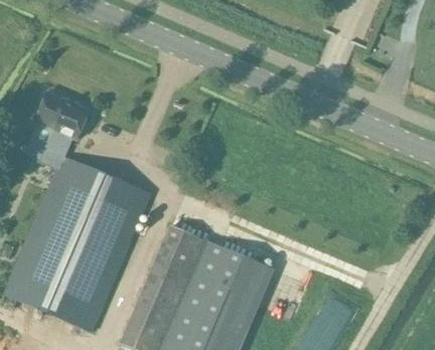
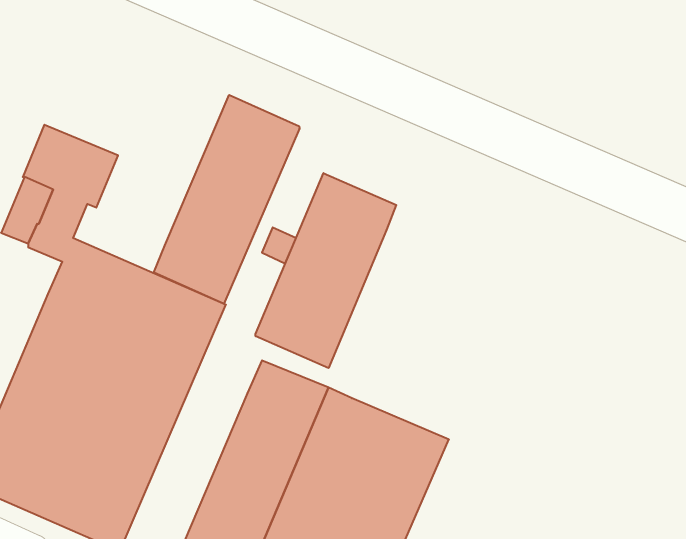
building: none -> [154,95,299,304]
building: none -> [255,173,396,368]

